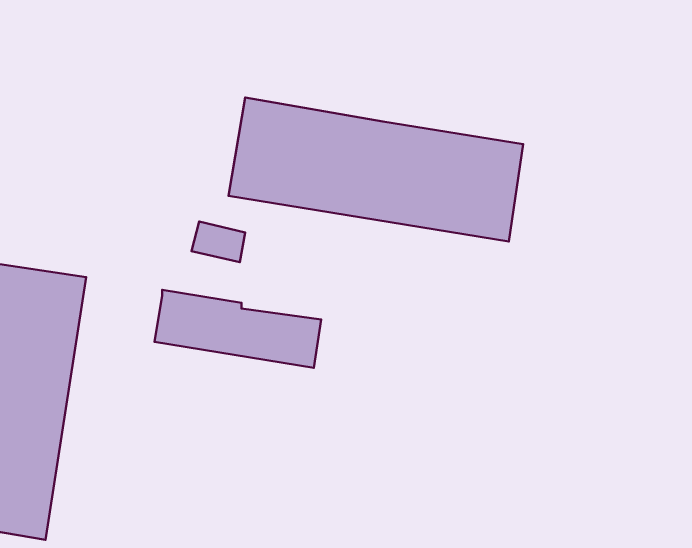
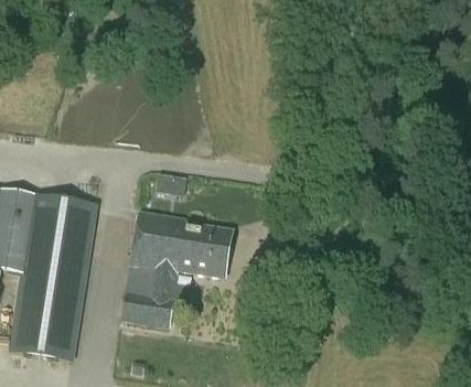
building: [229,97,523,242] -> none
building: none -> [120,241,229,327]

